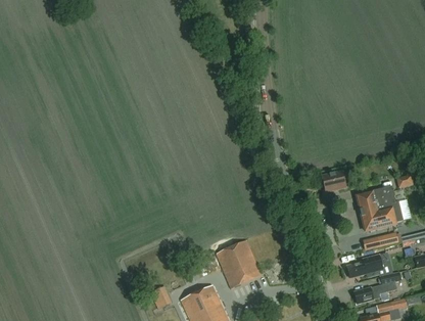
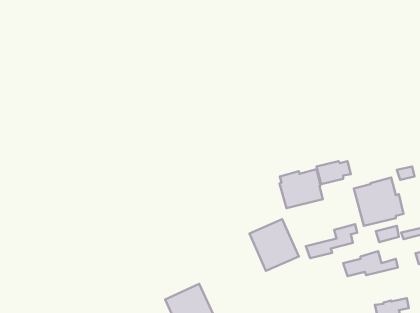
building: none -> [279,169,323,208]
building: [216,240,262,288] -> [249,219,299,271]
building: [353,272,402,304] -> [306,224,357,258]

